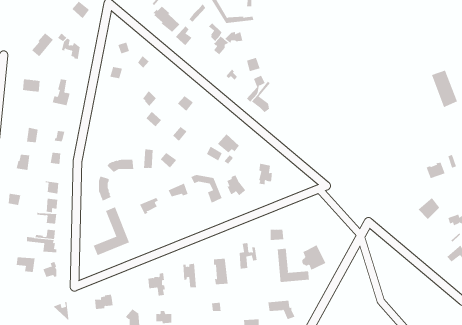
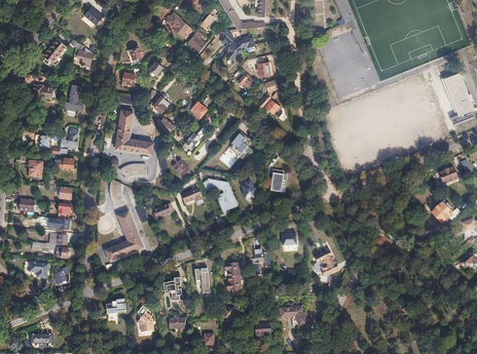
building: none -> [115,110,152,153]
building: [277,248,309,283] -> none

